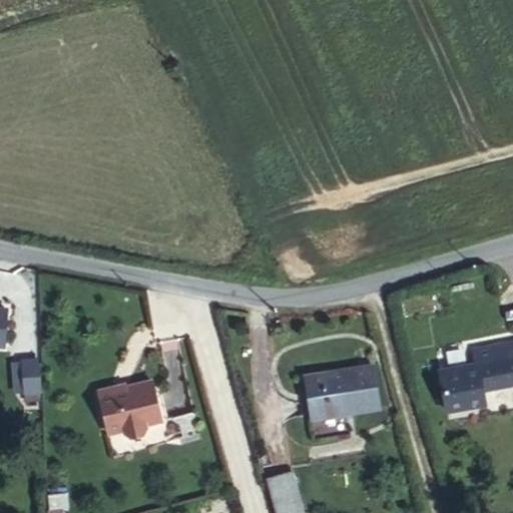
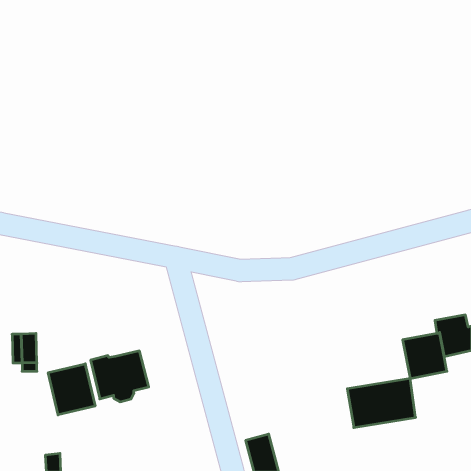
building: [306,366,380,419] -> [347,379,416,428]
building: none -> [48,364,95,415]

